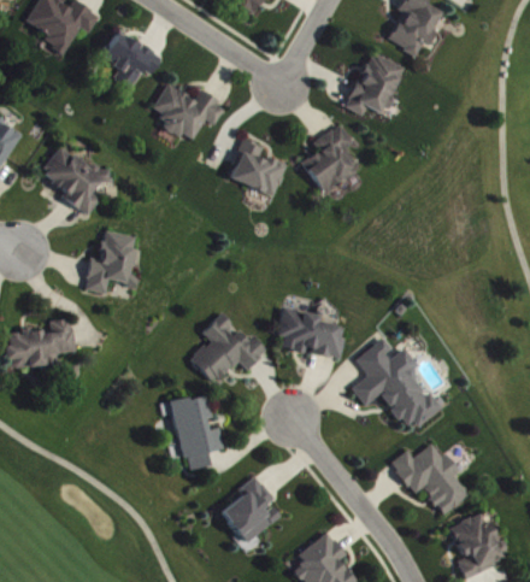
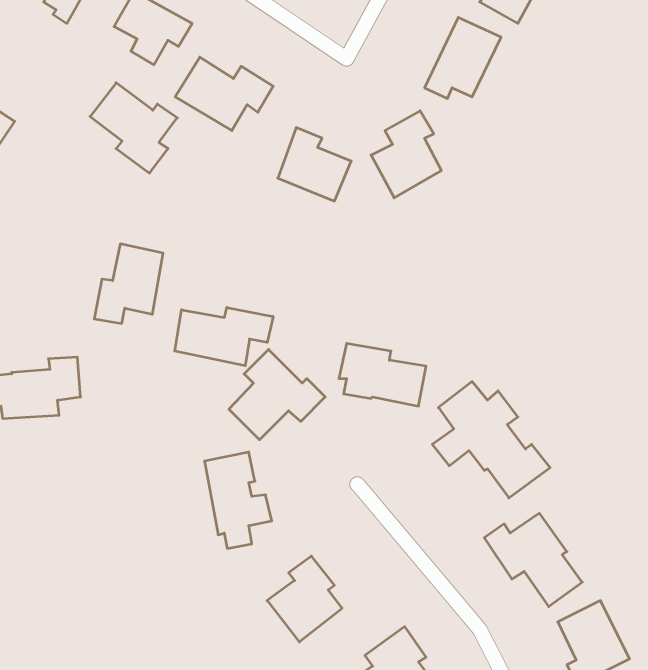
building: [40,146,108,217] -> [90,83,177,173]
building: none -> [175,307,273,366]

